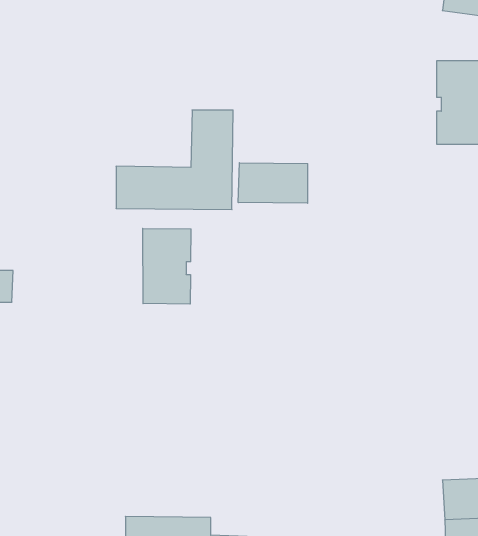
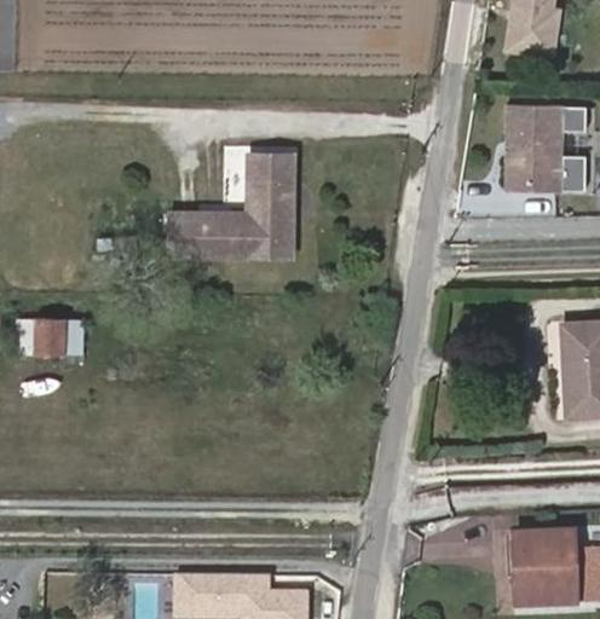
building: [238,163,308,203] -> none
building: [143,228,191,304] -> none

